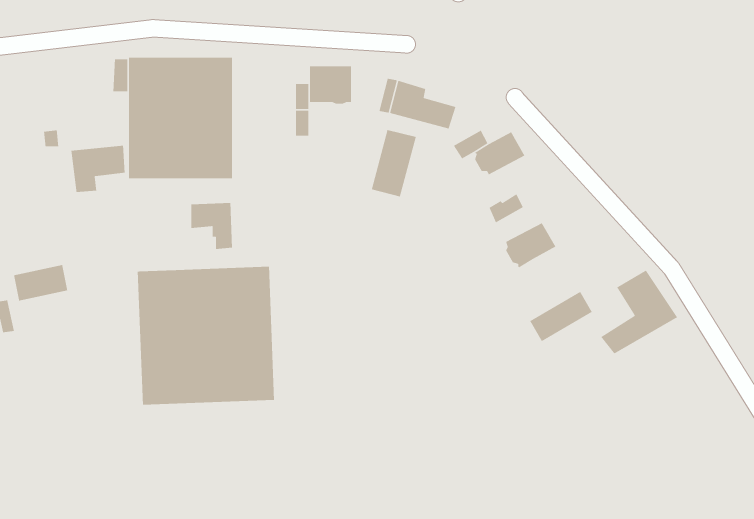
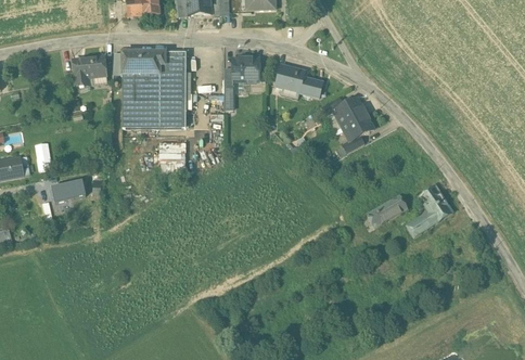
building: [371,129,417,197] -> none
building: [71,145,126,193] -> [72,56,105,86]
building: [505,222,556,268] -> [342,112,373,140]
building: [137,266,275,405] -> none

